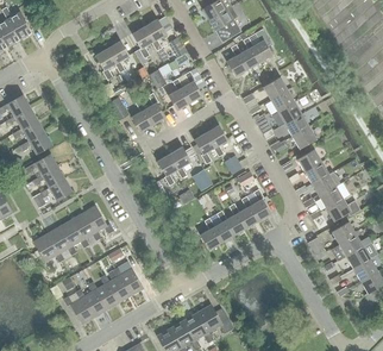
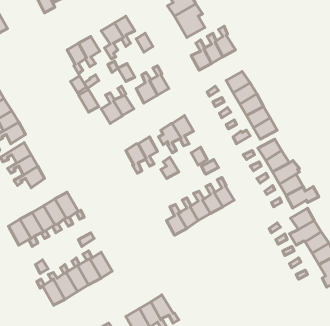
building: [195,303,233,333] -> none

